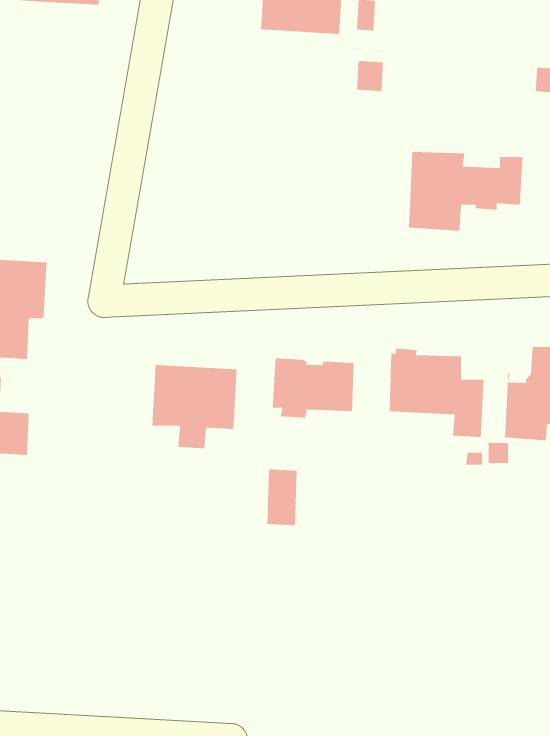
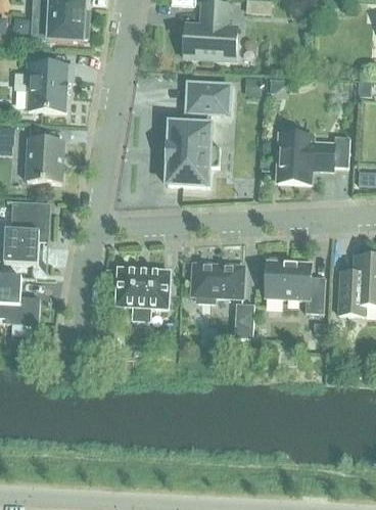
building: none -> [25,62,74,111]
building: none -> [167,83,229,186]
building: none -> [26,137,63,182]
building: [267,469,298,526] -> [234,303,253,338]

